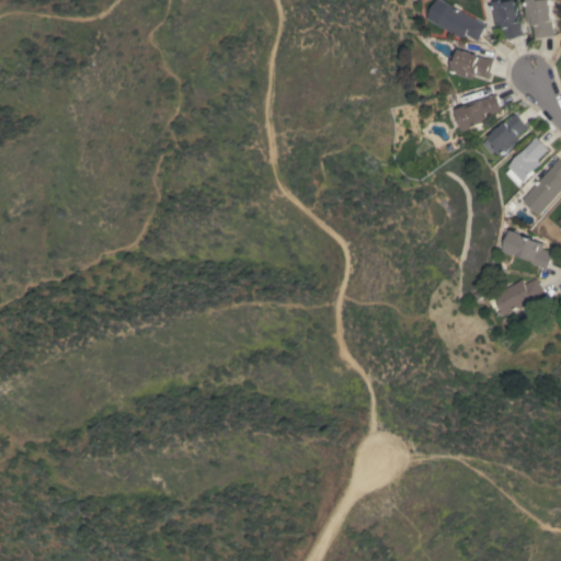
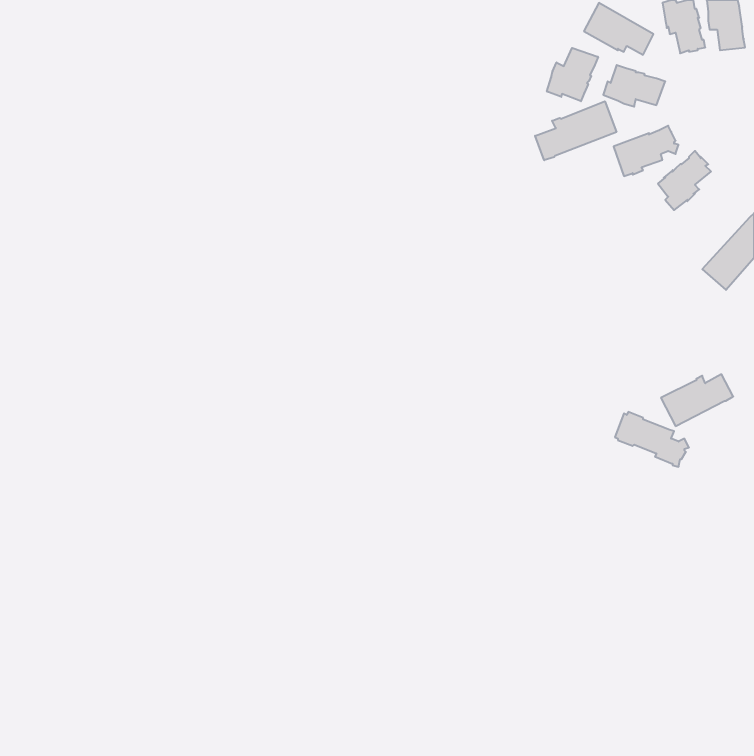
building: none -> [547,48,598,101]
building: none -> [535,101,616,160]
building: [504,136,548,185] -> none
building: [499,229,553,270] -> [615,412,689,467]

